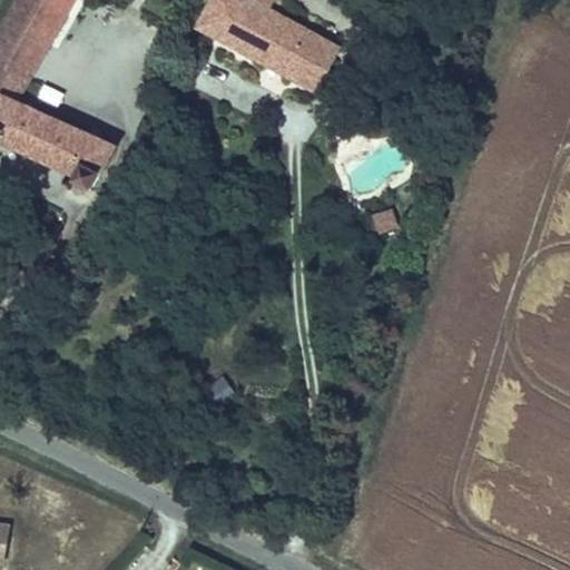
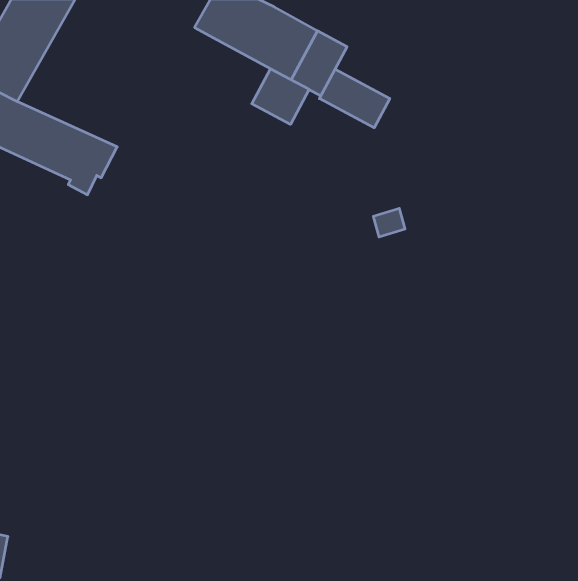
building: none -> [252,69,309,124]
building: none -> [319,69,390,128]

